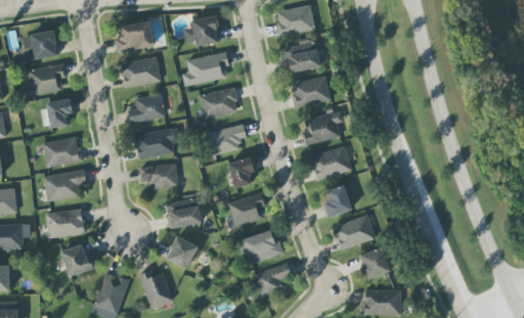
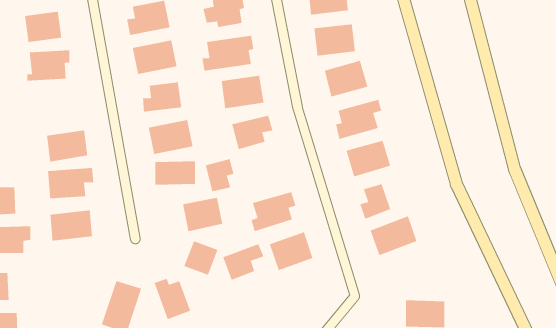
building: [42,98,74,127] -> none
building: [228,156,255,187] -> [205,158,235,192]
building: [61,243,92,276] -> none
building: [359,247,390,279] -> none
building: [254,263,292,297] -> [222,243,264,281]

